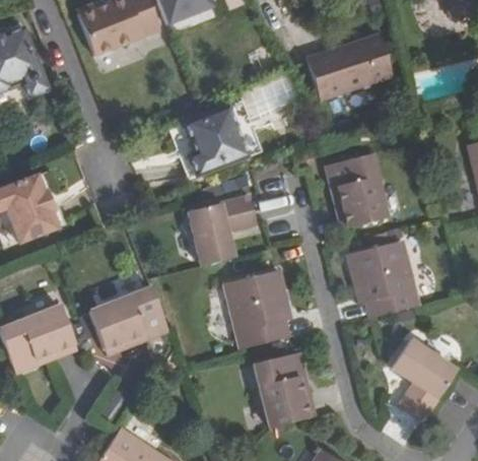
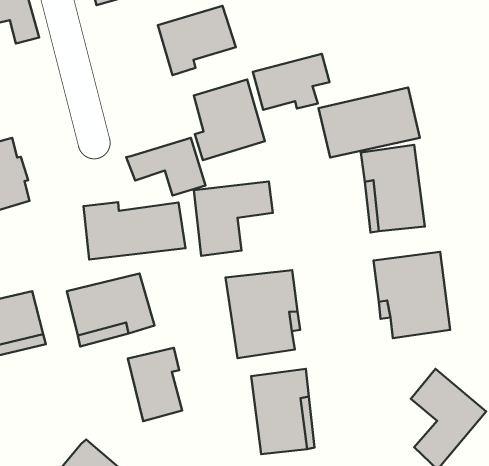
building: [301,36,390,102] -> [319,88,420,157]
building: none -> [158,6,236,75]
building: none -> [126,138,205,195]
building: none -> [84,202,186,260]
building: none -> [128,348,182,421]

